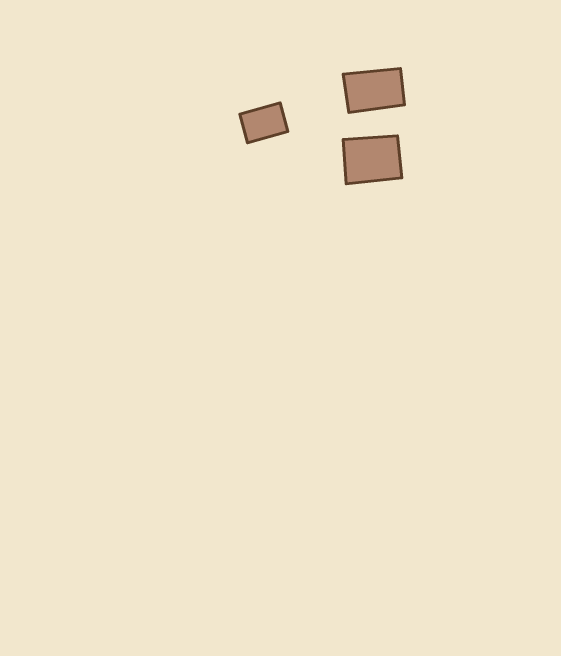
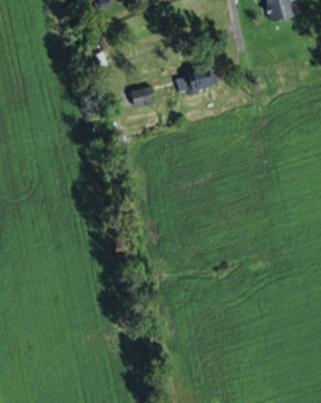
building: [343,136,402,184] -> none

